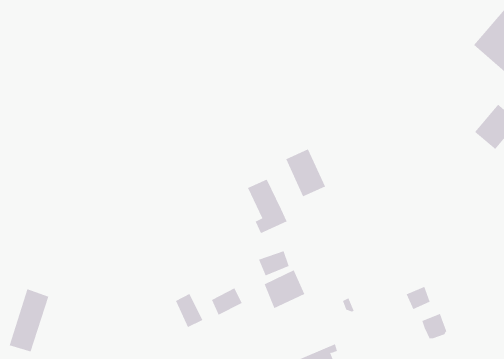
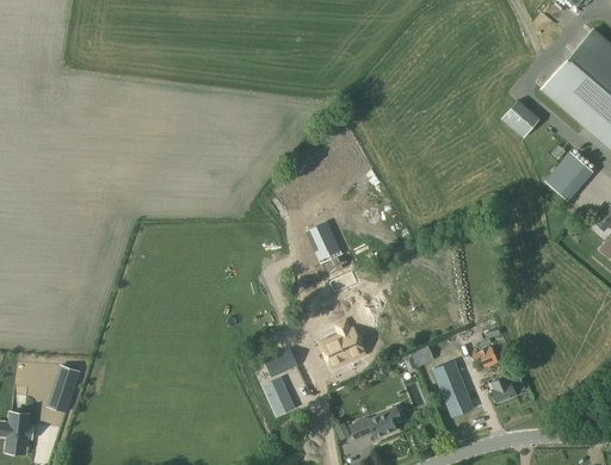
building: none -> [502,100,539,137]
building: [285,148,326,197] -> none
building: [175,293,203,328] -> [265,378,295,415]
building: none -> [433,356,476,414]

